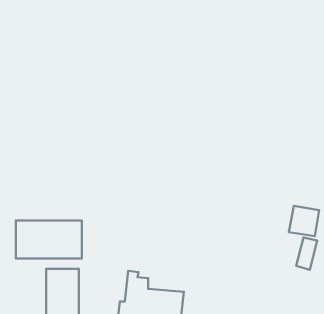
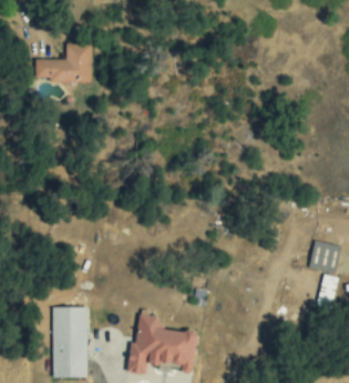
building: none -> [34,43,92,83]
building: [16,221,82,258] -> none

